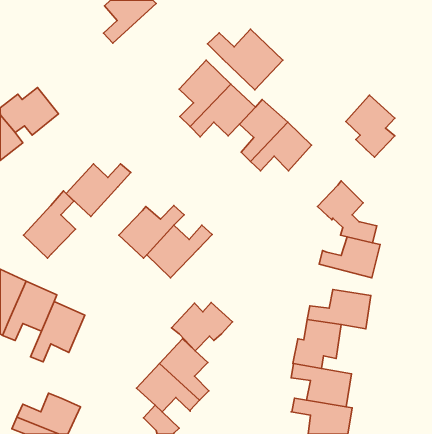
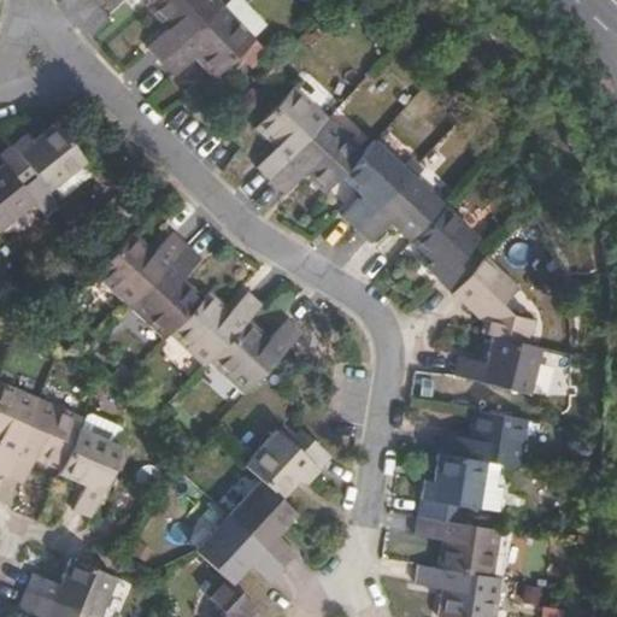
building: none -> [163,5,257,78]
building: [207,29,283,90] -> none
building: [346,95,395,157] -> [412,205,482,293]
building: [24,191,75,258] -> [131,245,205,340]

